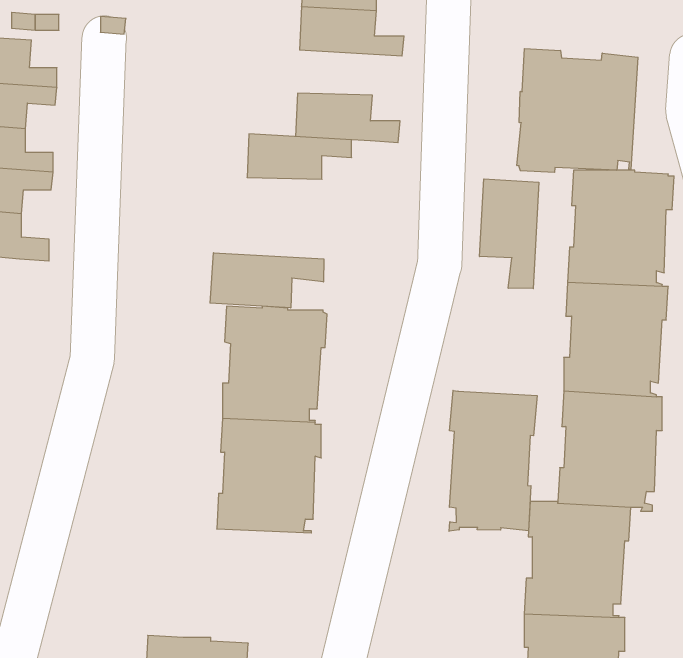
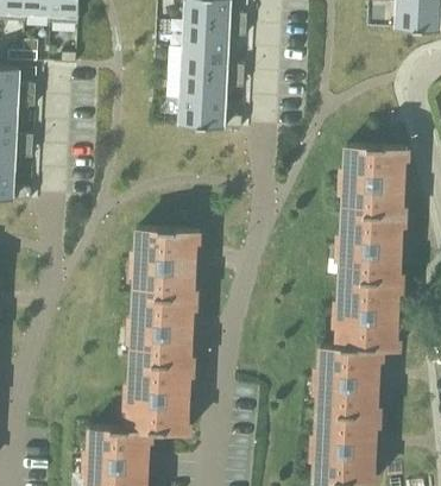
building: [517,49,638,172] -> none
building: [247,134,352,179] -> [181,75,244,102]
building: [480,179,539,289] -> none
building: [210,253,324,308] -> none
building: [449,390,537,531] -> none
building: none -> [128,364,193,436]

